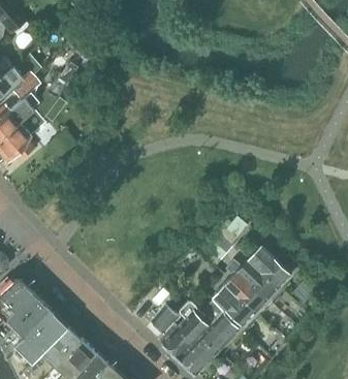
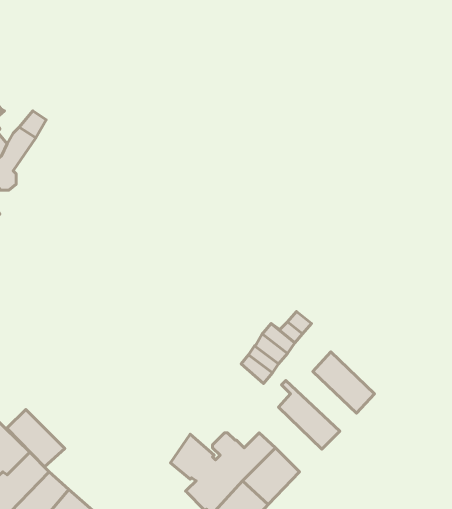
building: [230,259,279,301] -> none
building: [213,284,255,326] -> none
building: none -> [7,409,65,467]

